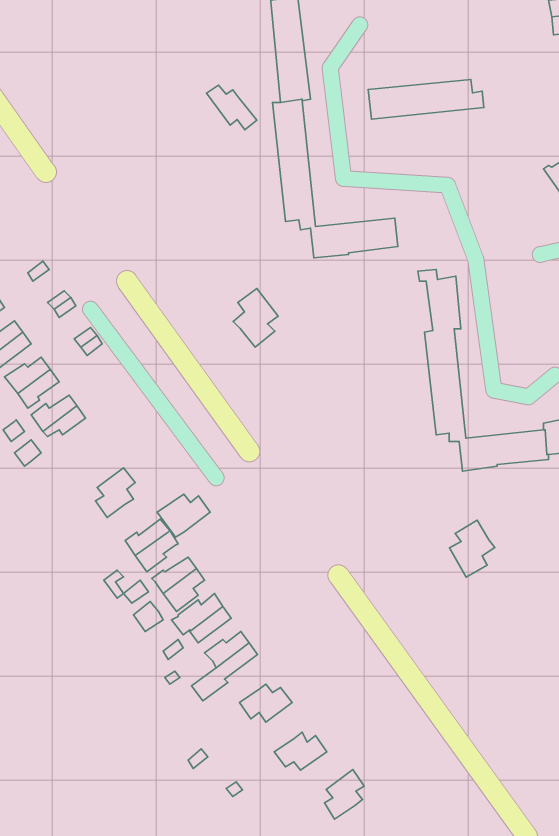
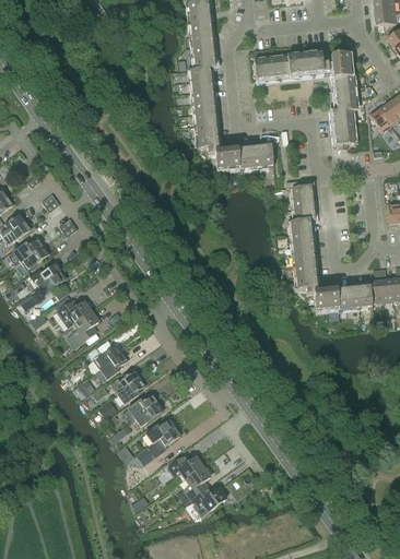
building: none -> [331,52,356,151]
building: [206,85,257,130] -> none
building: [233,288,278,347] -> none
building: [157,494,210,537] -> [57,298,92,326]
building: [449,520,495,577] -> none
building: [325,770,364,819] -> [185,465,211,498]

